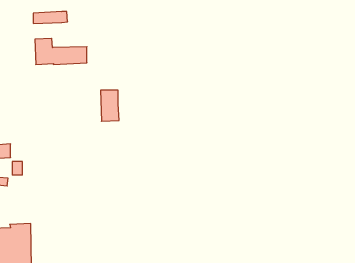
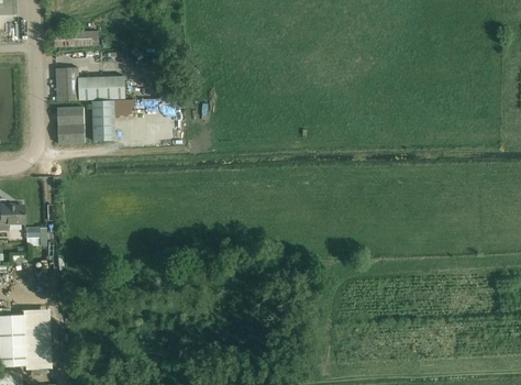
building: none -> [56,106,85,142]
building: [101,90,119,121] -> [91,99,115,140]

